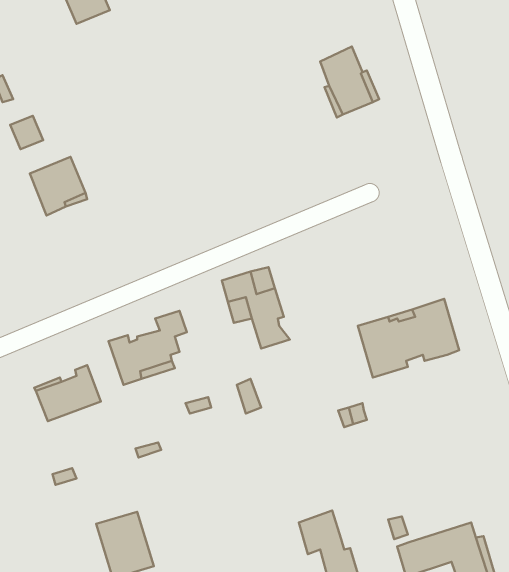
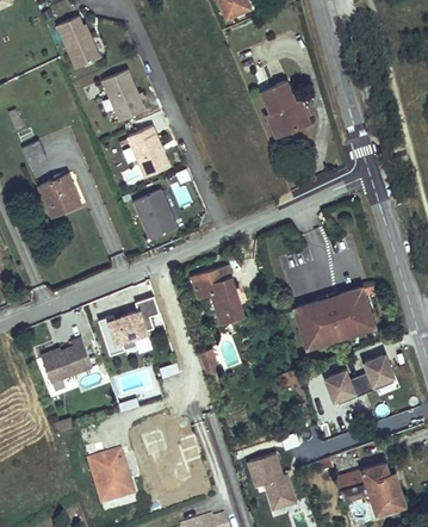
building: none -> [101,69,144,120]
building: none -> [126,125,169,176]
building: none -> [134,190,176,238]
building: none -> [331,353,397,399]

